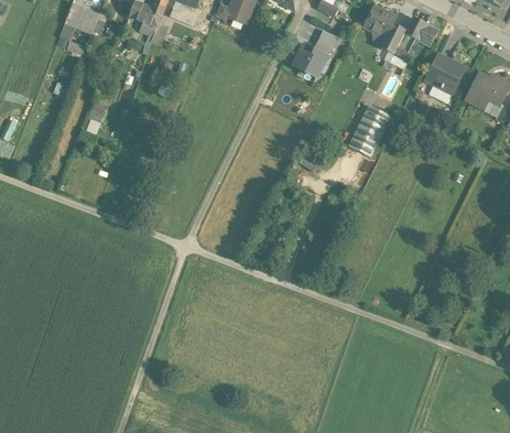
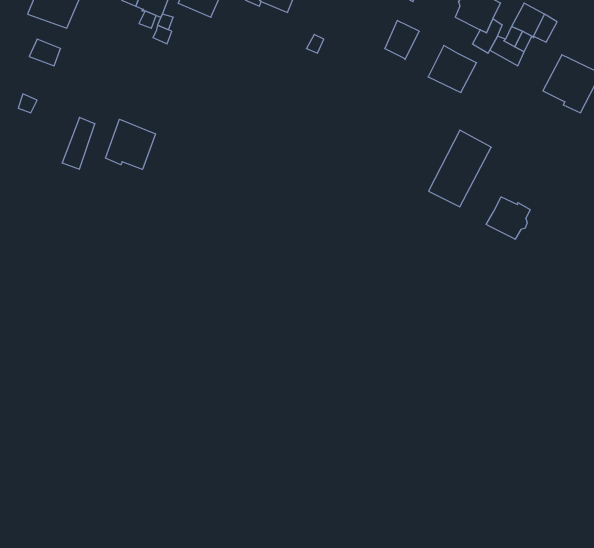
building: [293,43,327,76] -> [428,46,477,93]
building: none -> [105,119,155,169]
building: none -> [486,197,530,239]

